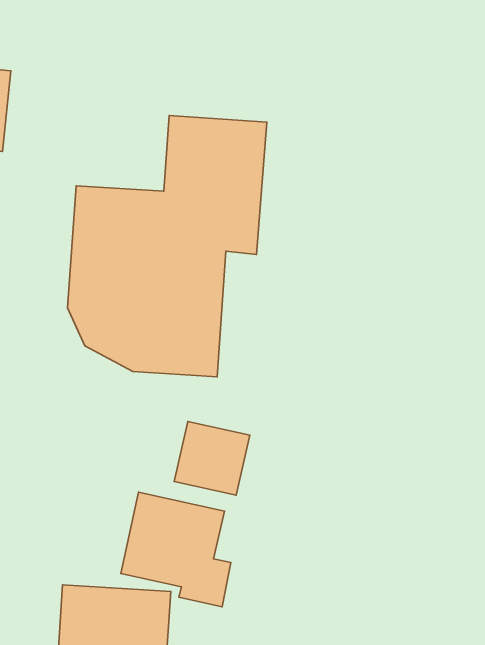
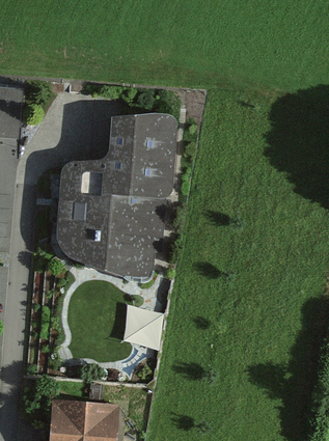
building: [121,492,231,607] -> none

